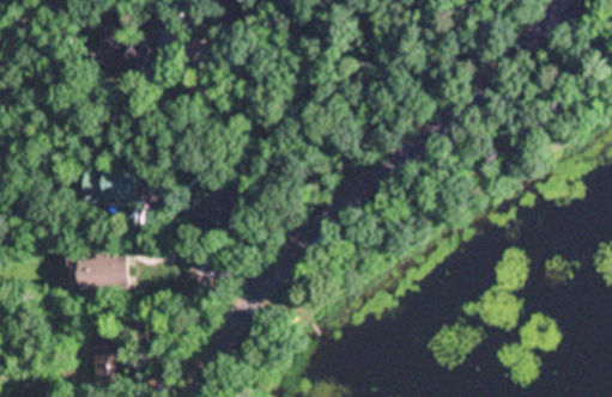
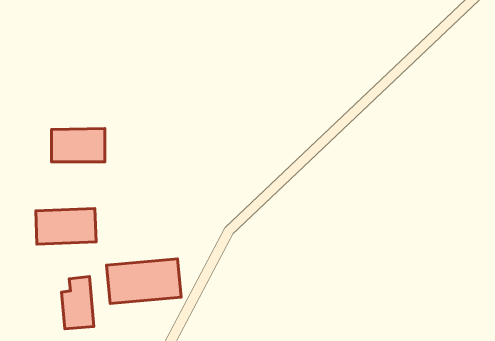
building: none -> [107,259,181,303]

